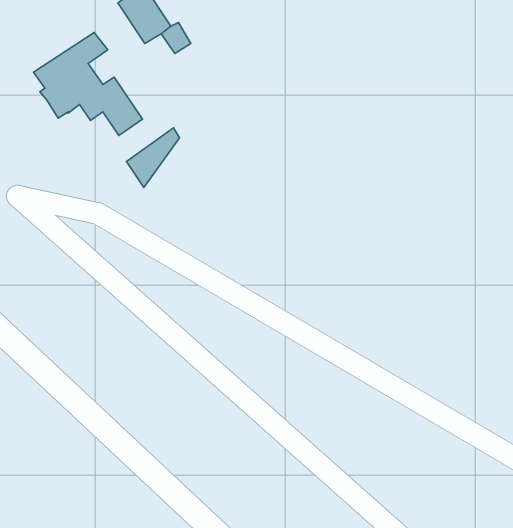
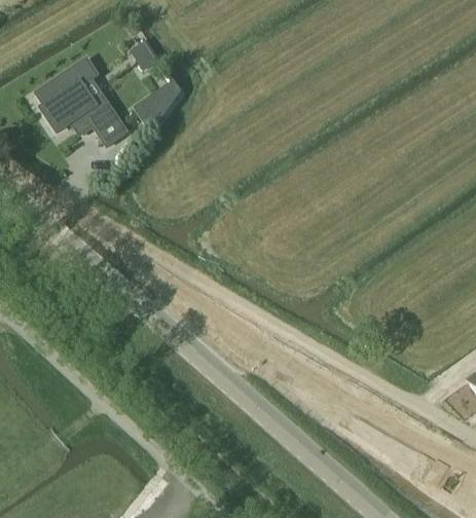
building: [126,128,180,187] -> [139,81,183,131]

